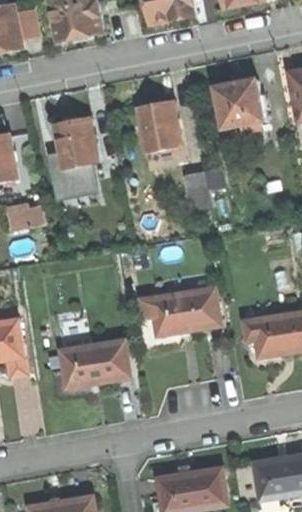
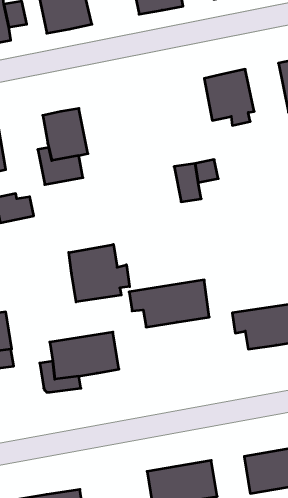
building: [136,99,181,151] -> none
building: none -> [69,244,130,302]

